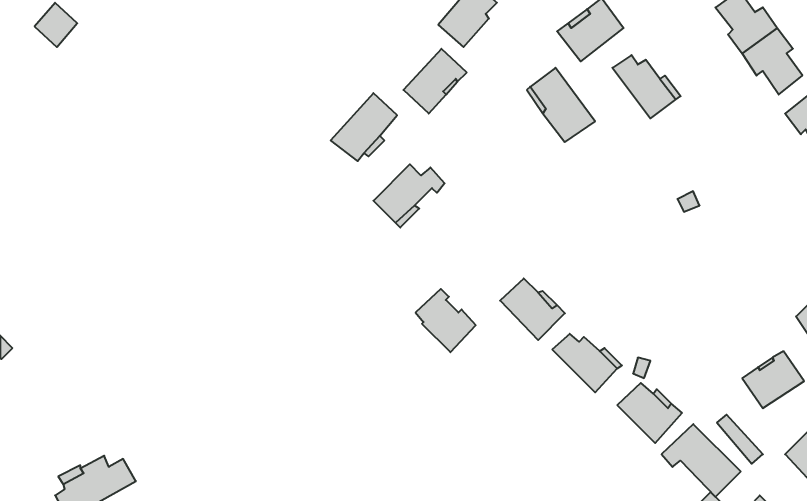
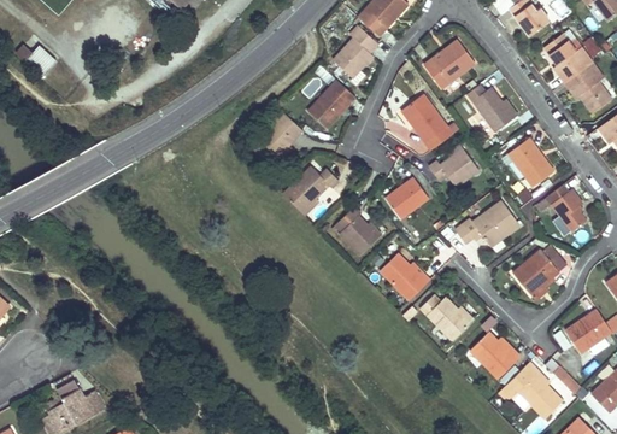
building: none -> [509,137,553,187]
building: none -> [429,148,478,186]
building: none -> [386,177,429,218]
building: none -> [546,184,587,233]
building: none -> [456,200,519,246]
building: none -> [512,250,558,293]
building: [416,289,476,352] -> [335,206,381,254]

